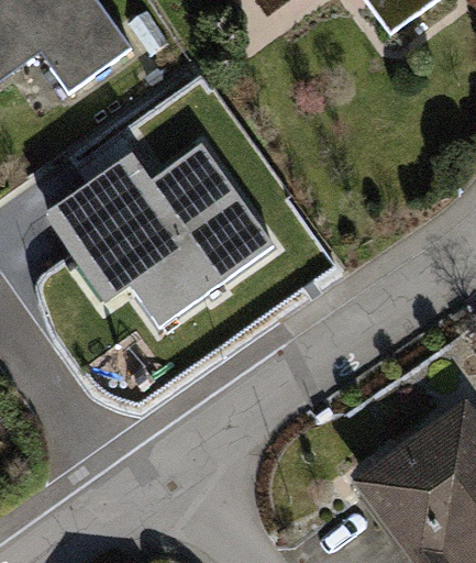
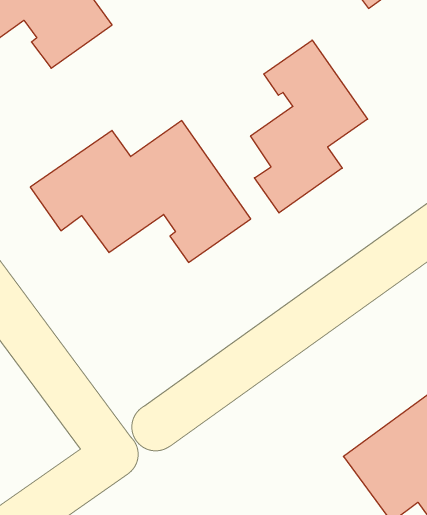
building: none -> [251,40,368,213]

